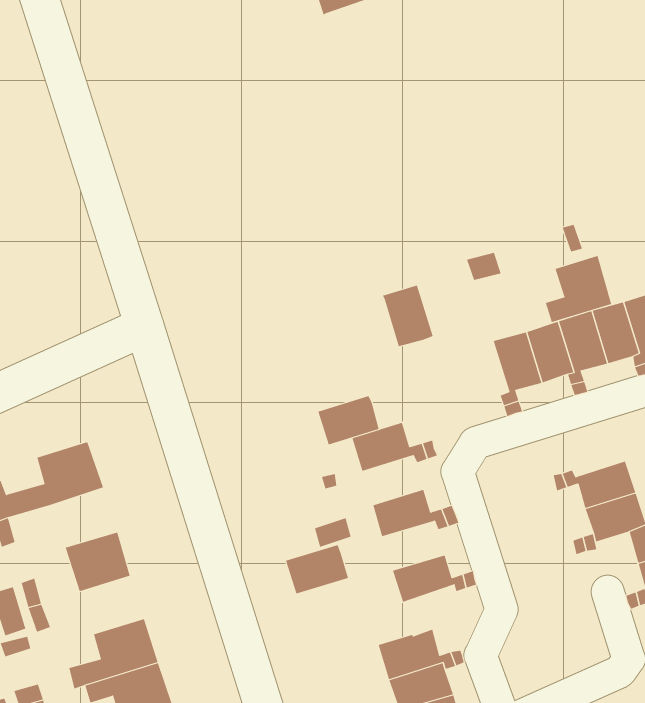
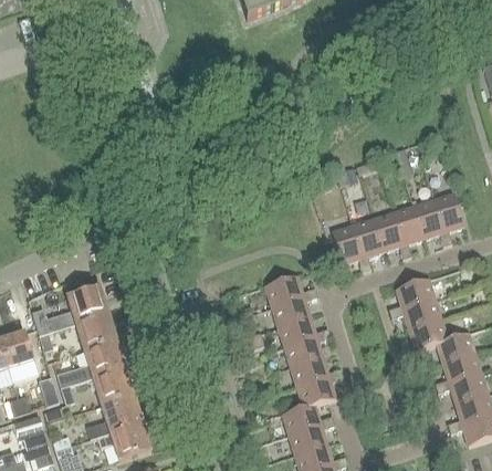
building: [545,255,612,323] -> none
building: [382,285,433,347] -> [329,222,362,261]
building: [318,396,379,445] -> [270,294,308,325]
building: none -> [397,276,435,307]
building: none -> [75,314,117,352]
building: [285,545,349,594] -> [282,335,322,366]
building: none -> [93,369,134,406]
building: none -> [295,375,334,407]

